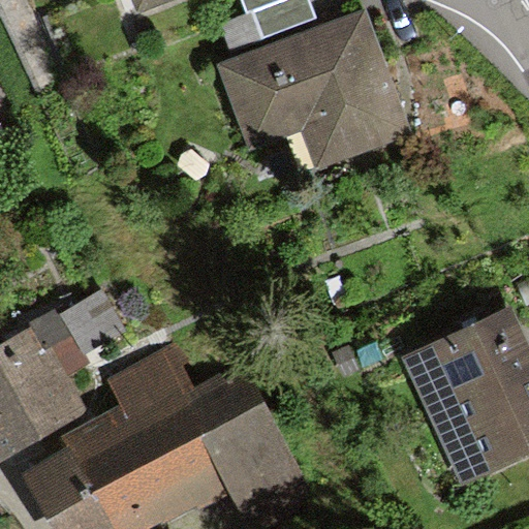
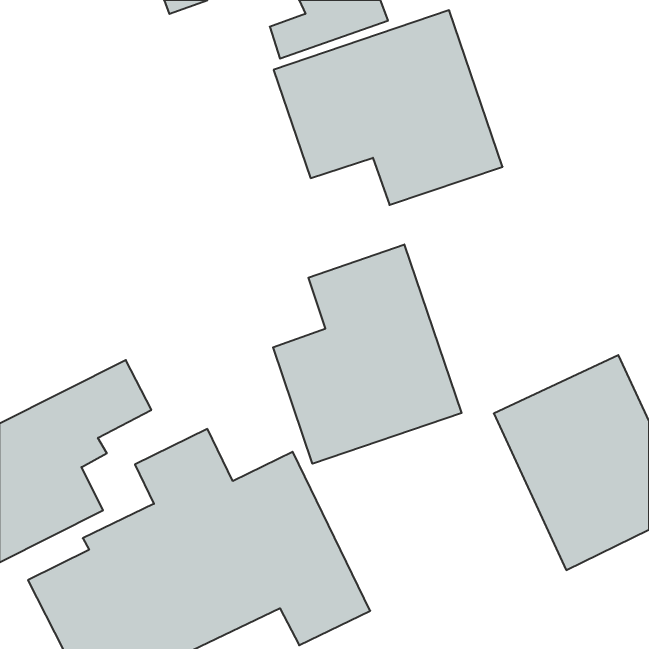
building: none -> [273,244,462,464]

